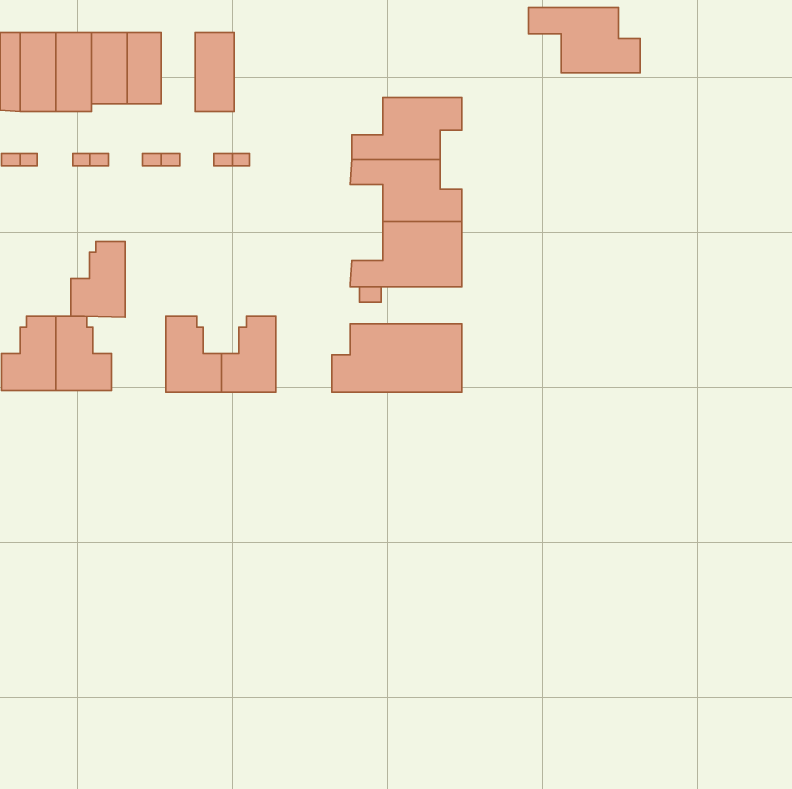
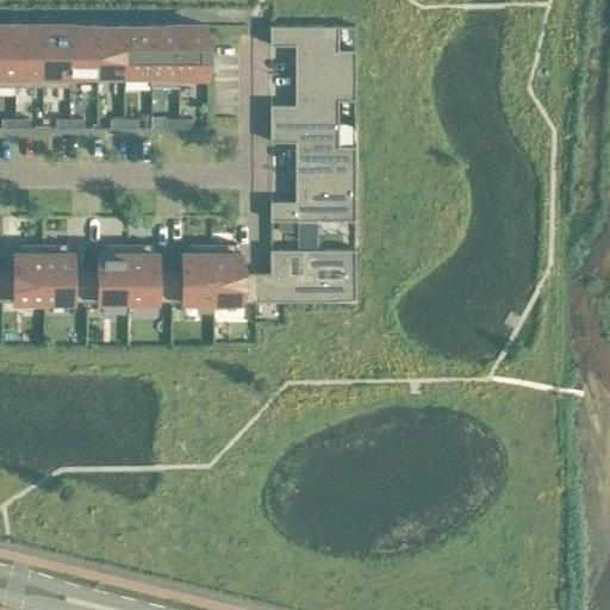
building: [529,8,640,73] -> [269,27,355,77]
building: none -> [124,27,150,82]
building: none -> [180,27,206,82]
building: [71,241,125,317] -> [86,245,127,304]
building: none -> [212,245,255,304]

